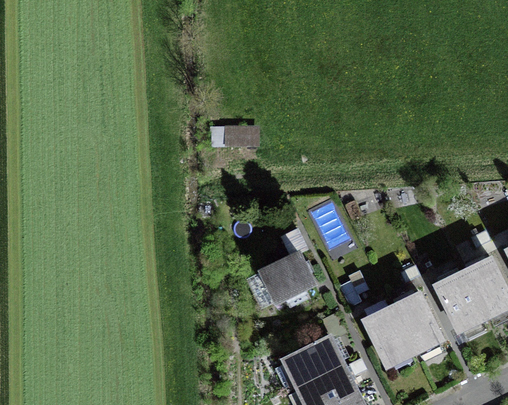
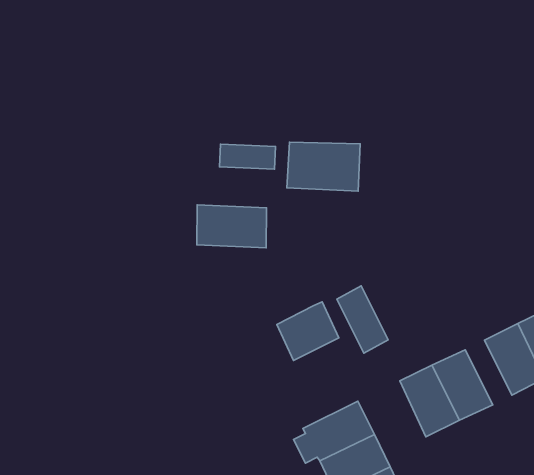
building: none -> [287,142,360,191]
building: none -> [197,205,267,248]
building: none -> [337,286,388,353]

